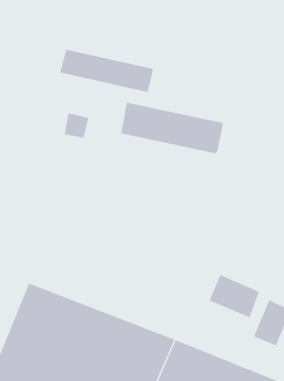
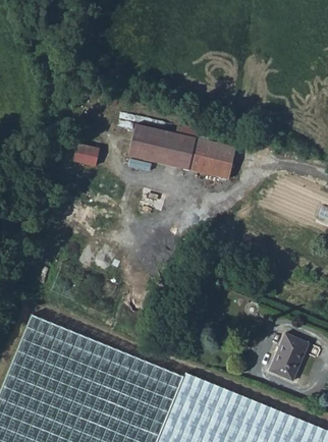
building: [60,49,153,93] -> none
building: [209,274,260,318] -> none

